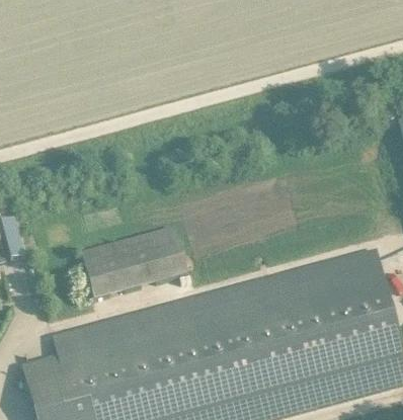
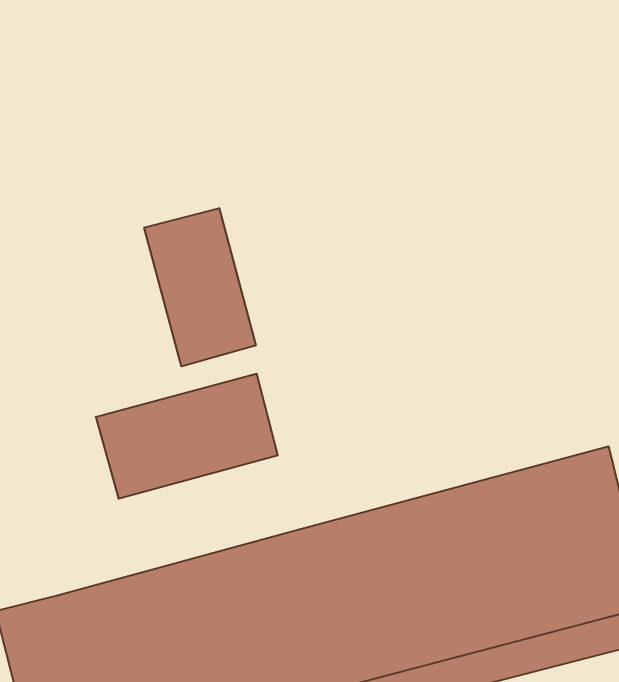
building: none -> [144,208,256,366]
building: [54,249,382,356] -> none

